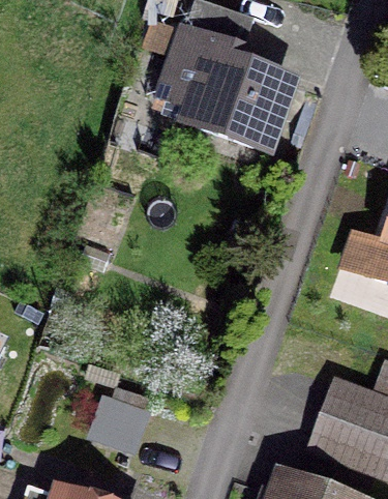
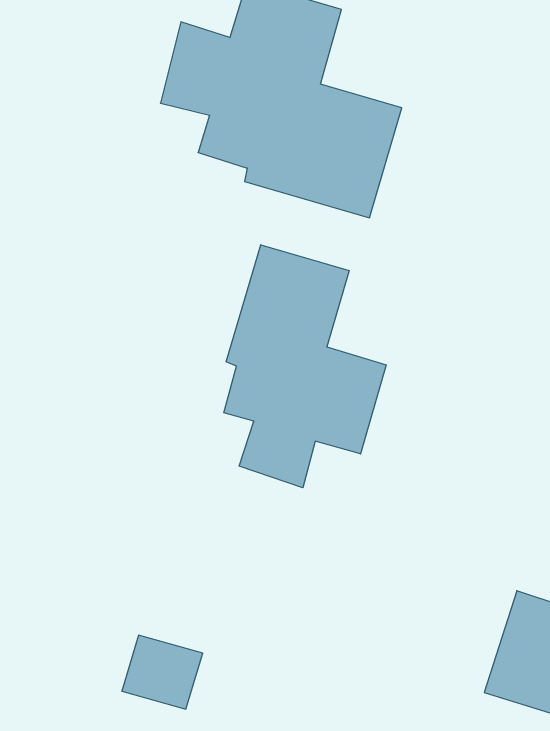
building: none -> [224,245,386,488]

